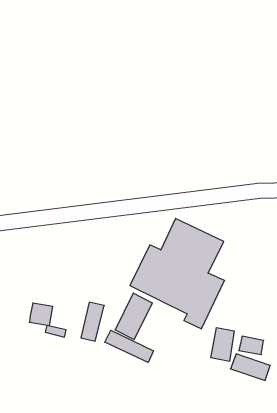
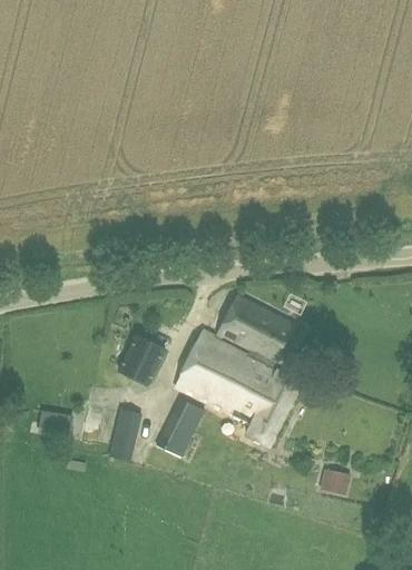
building: none -> [118,333,165,384]
building: [211,328,234,361] -> none
building: [105,330,154,362] -> none

